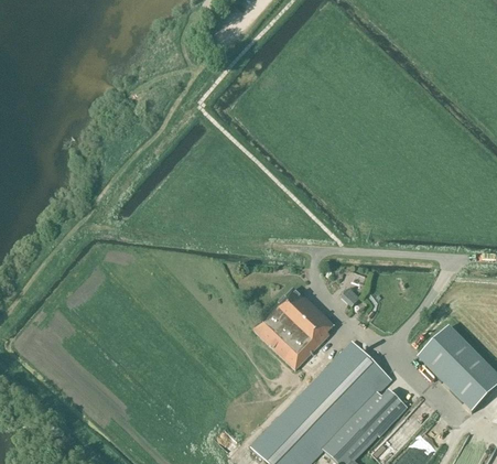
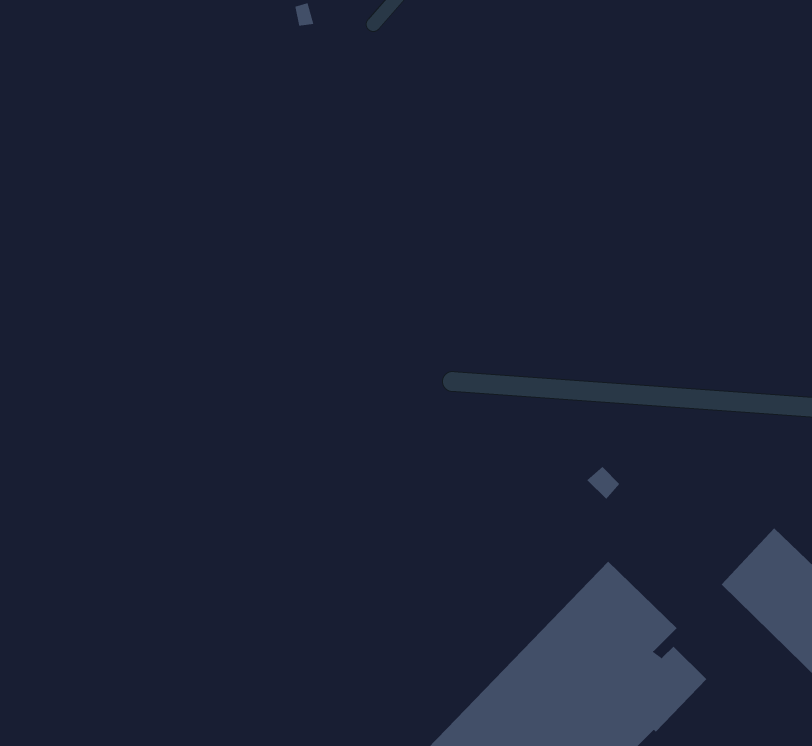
building: [255,289,335,382] -> none

